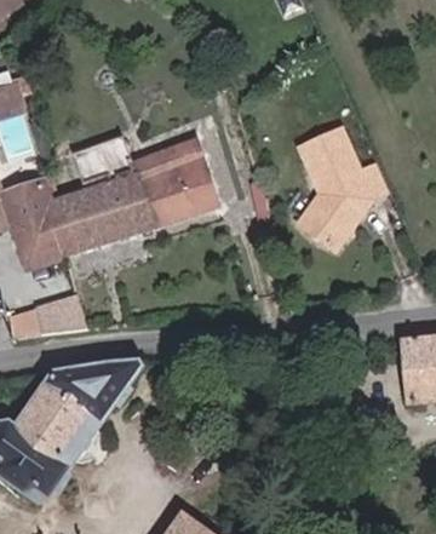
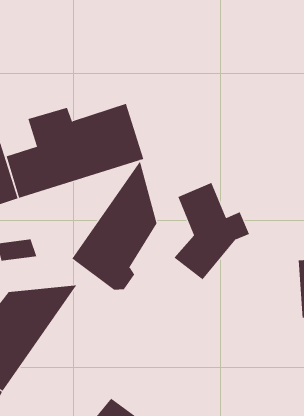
building: [299,122,394,243] -> [173,182,250,280]
building: none -> [71,160,157,291]

